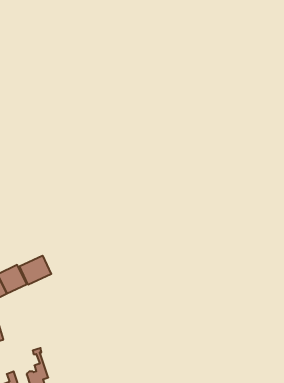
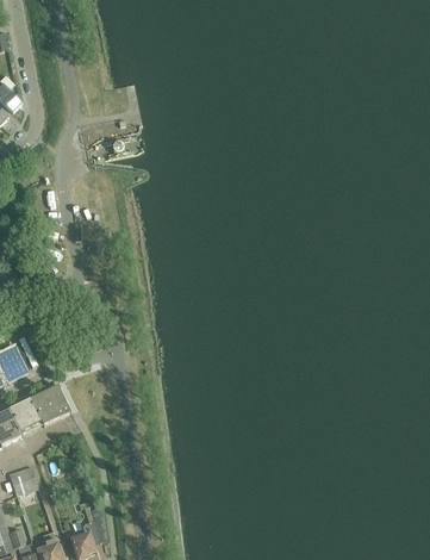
building: [19,256,51,285] -> none

